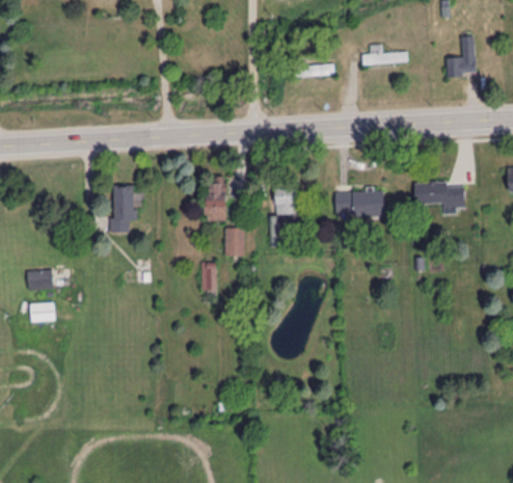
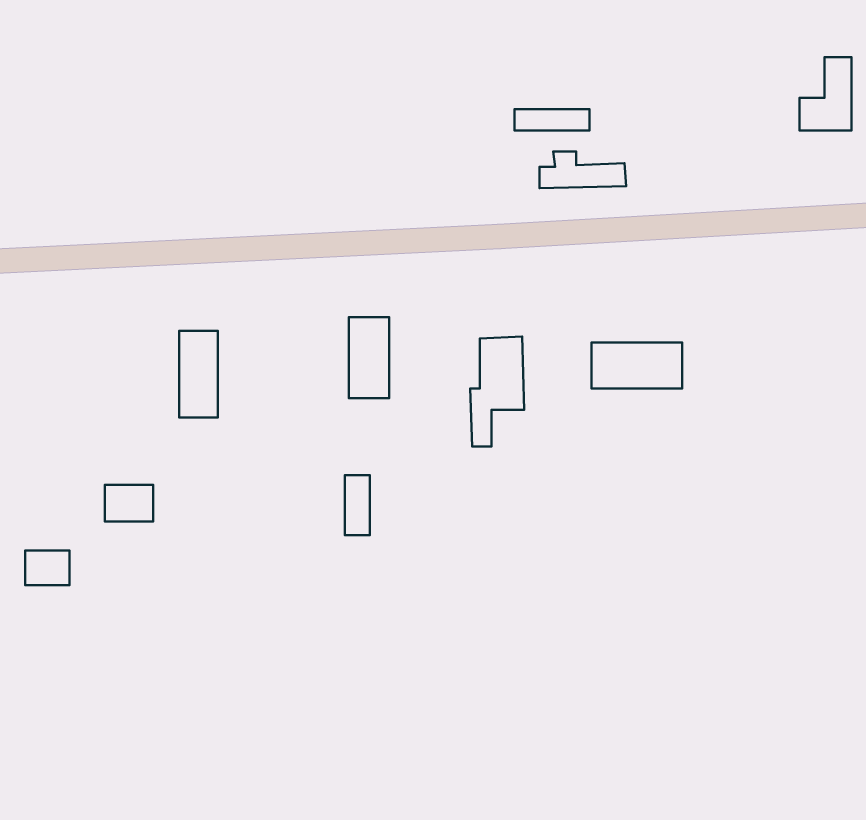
building: [362,45,409,64] -> [540,152,626,188]
building: [414,182,465,211] -> none
building: [225,227,245,257] -> none
building: [27,270,53,290] -> [105,485,153,521]

